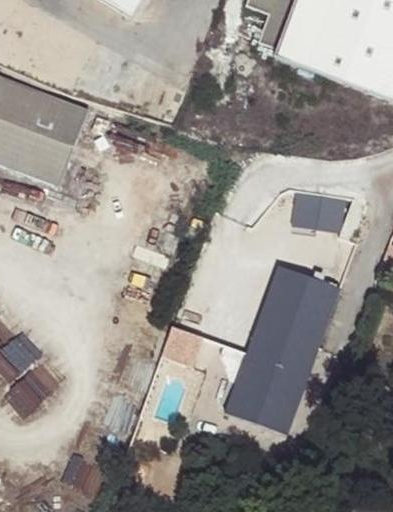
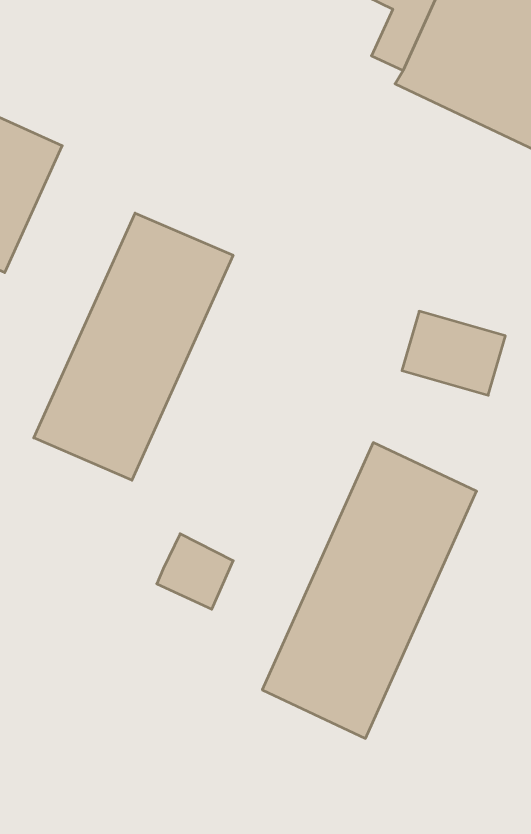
building: none -> [34,213,233,480]

